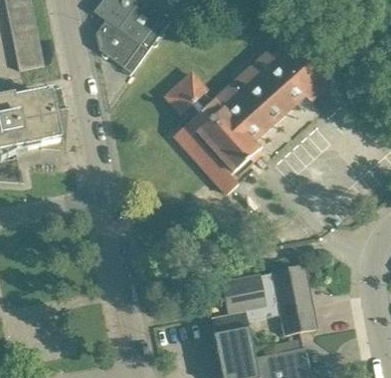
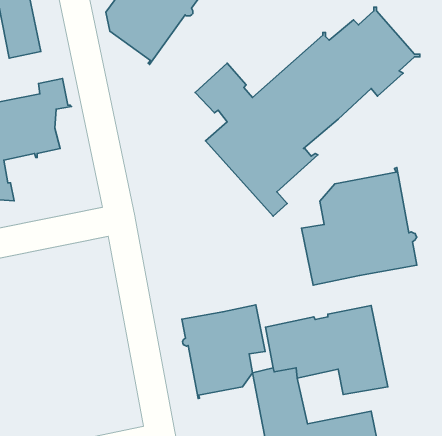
building: none -> [302,168,417,285]
building: none -> [182,305,265,399]

